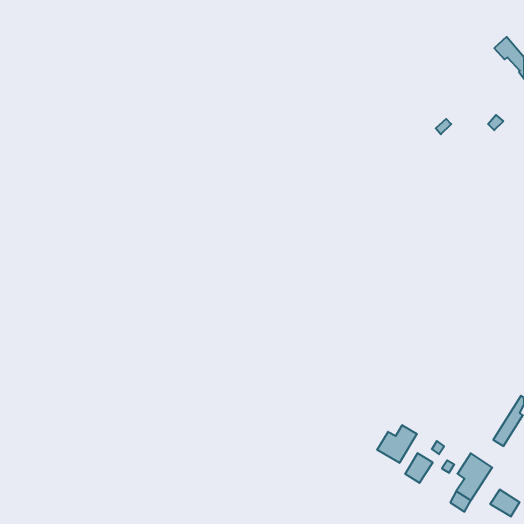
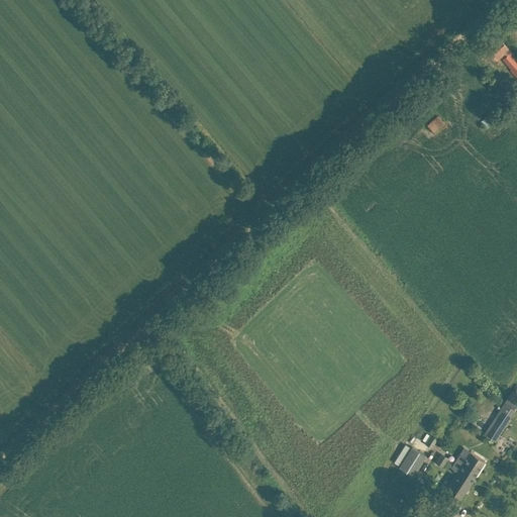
building: [377,425,417,463] -> none
building: [490,489,520,517] -> none

